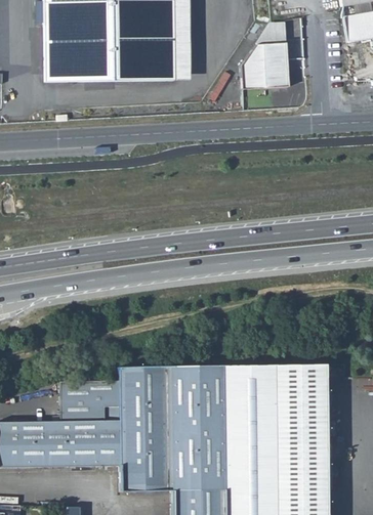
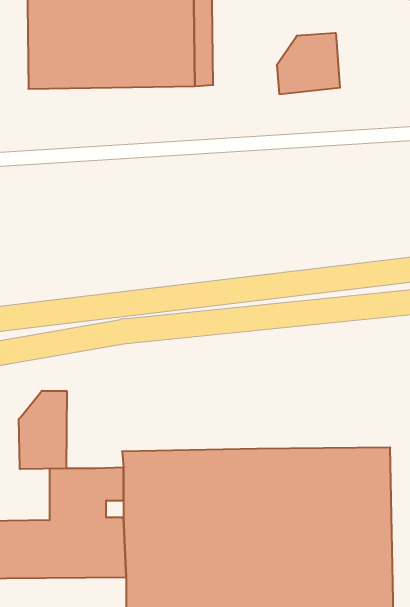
building: [251,23,284,47] -> none
building: none -> [19,391,67,469]

